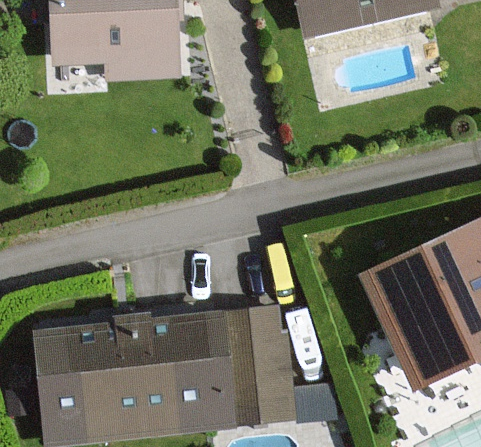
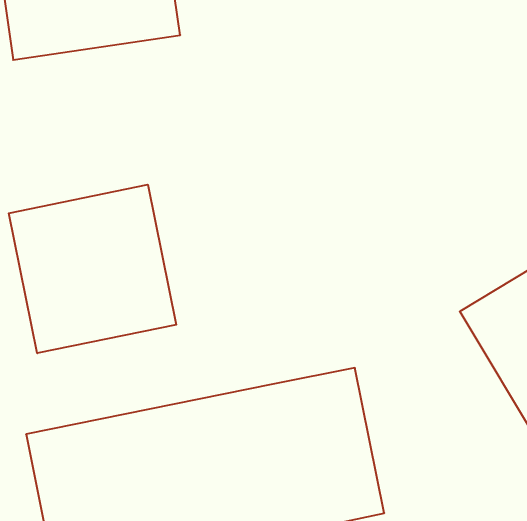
building: none -> [9,185,176,353]

